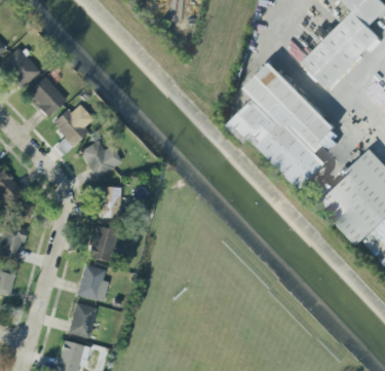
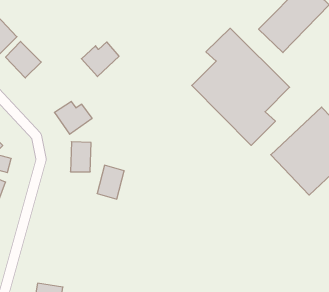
building: [51,105,92,143] -> [81,42,119,77]
building: [87,226,117,263] -> [97,165,124,199]
building: [76,265,109,303] -> none
building: [67,303,97,339] -> none

